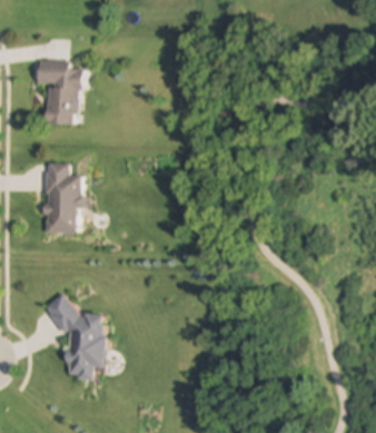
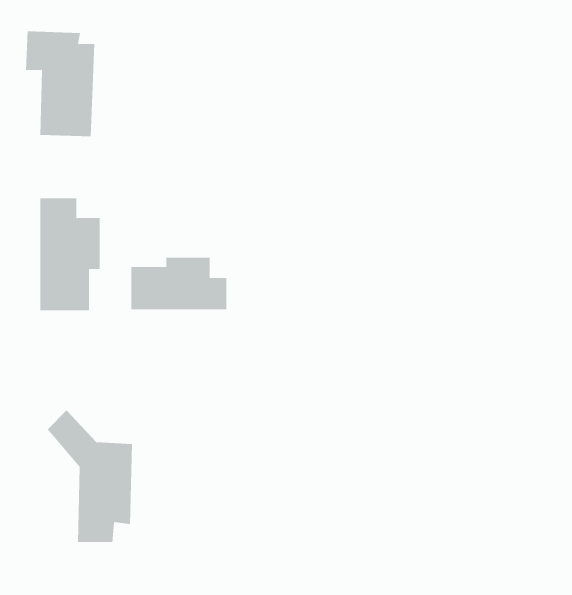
building: none -> [131,257,227,310]

